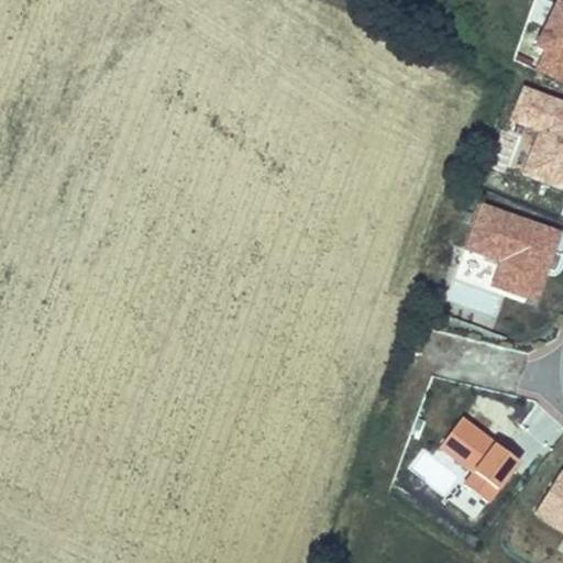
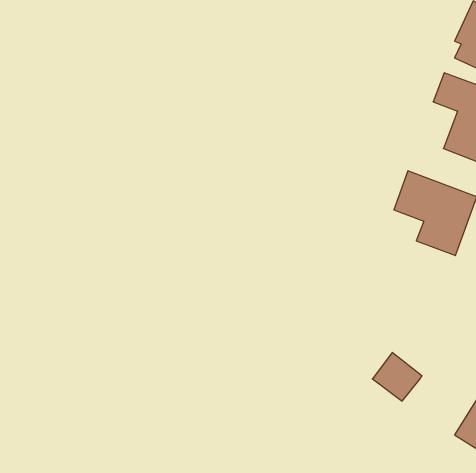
building: [467,446,523,505] -> none

